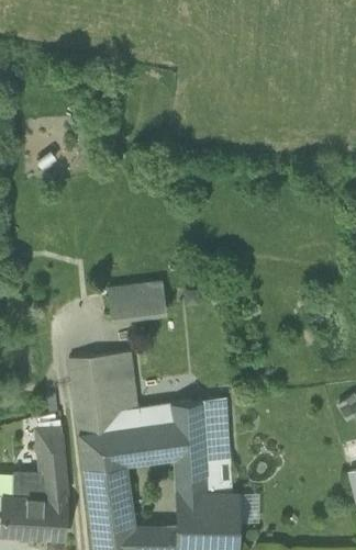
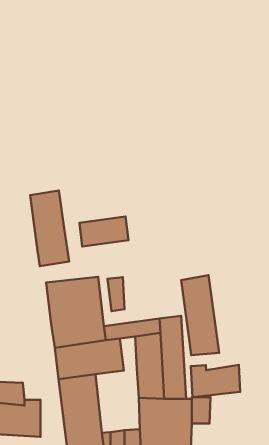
building: none -> [30,191,69,266]
building: none -> [181,275,219,355]
building: [155,422,175,461] -> [108,277,125,311]
building: [36,430,69,495] -> none
building: none -> [191,365,240,397]

